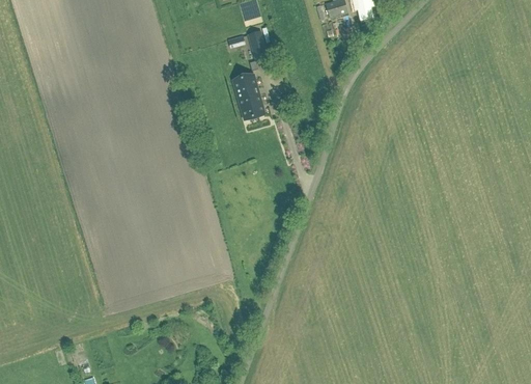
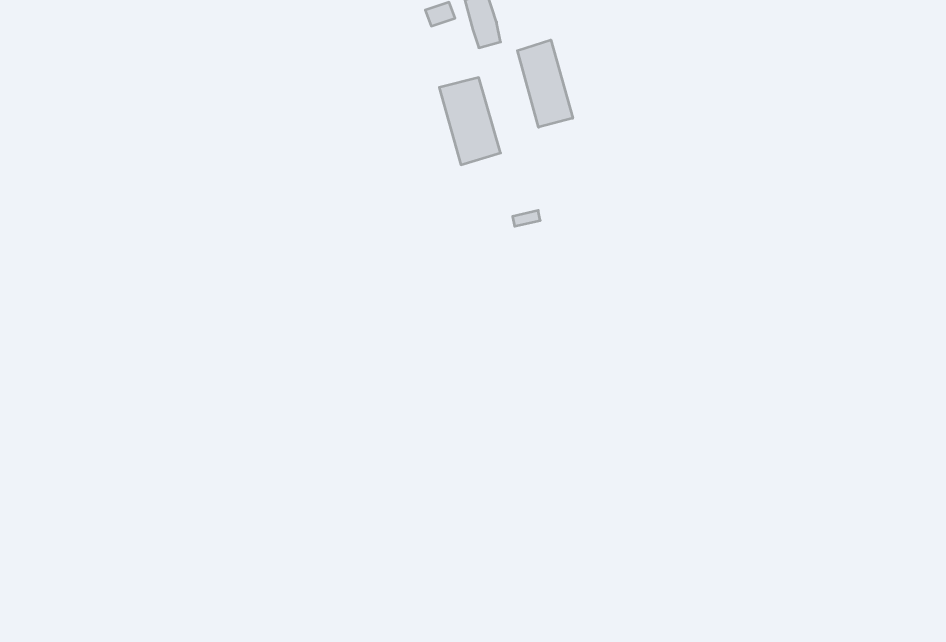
building: none -> [517,40,573,127]

